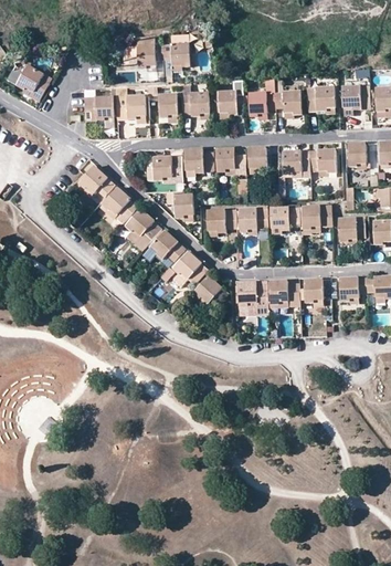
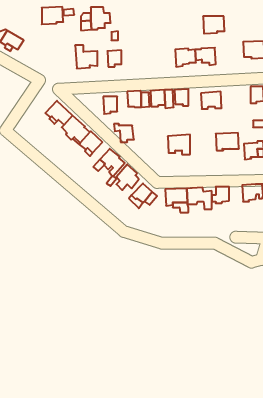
building: [160,43,189,65] -> none
building: [306,88,335,112] -> [203,16,225,34]
building: [216,92,242,114] -> none
building: [180,93,208,116] -> none
building: [83,97,112,120] -> [42,7,63,24]
building: [308,149,336,172] -> none
building: [267,207,300,231] -> none
building: [207,210,235,233] -> none

